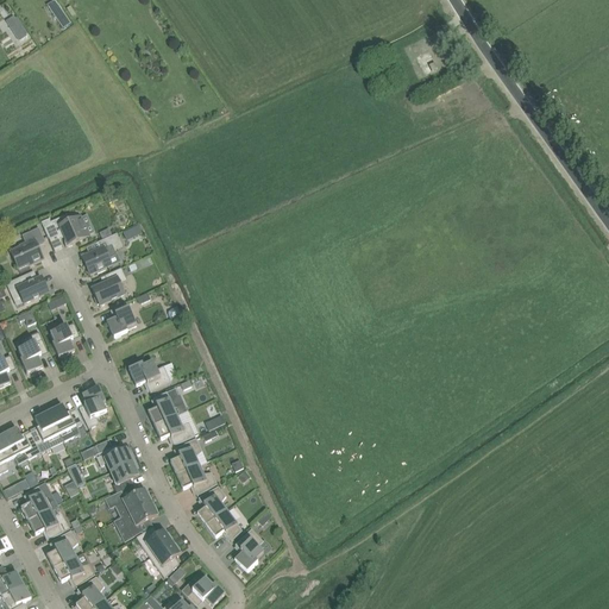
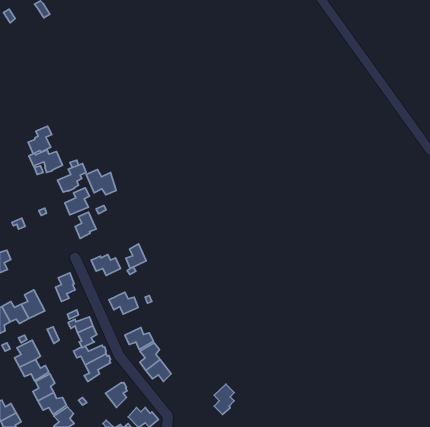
building: [11,226,44,265] -> [28,126,52,154]
building: none -> [86,170,116,195]
building: [6,272,49,301] -> none
building: [50,320,80,356] -> none
building: [18,329,48,372] -> none
building: [147,389,176,423] -> [126,244,146,268]
building: [48,403,82,439] -> none
building: [170,435,201,473] -> none
building: [136,525,171,555] -> none
building: [234,527,263,570] -> [214,384,234,414]

